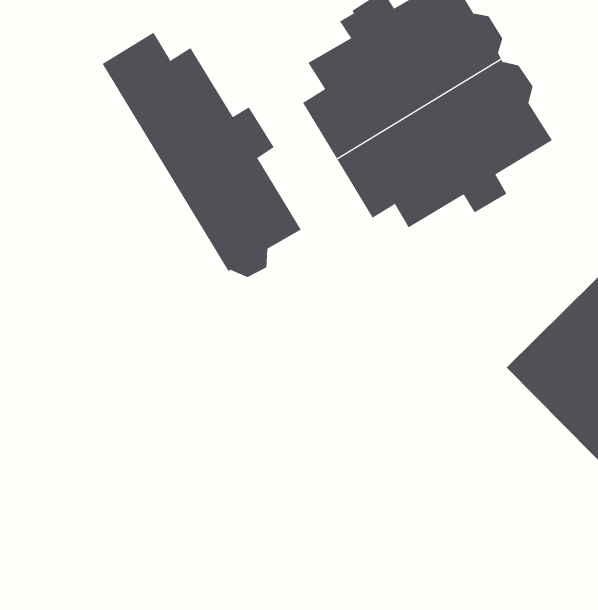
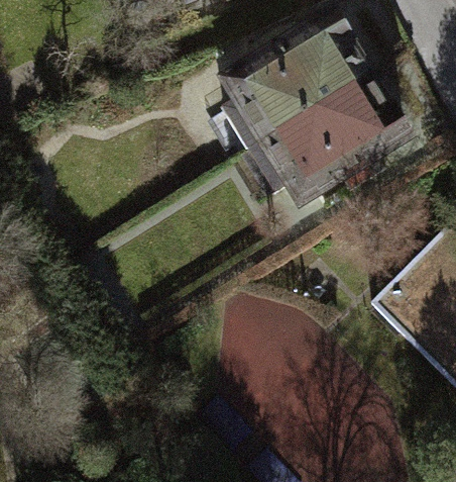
building: [102,32,301,278] -> none

